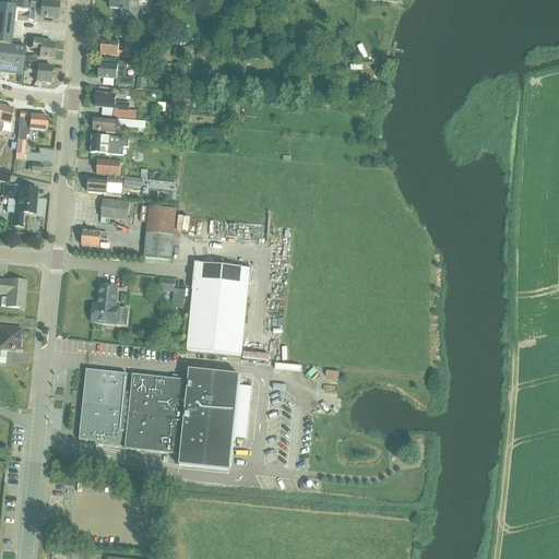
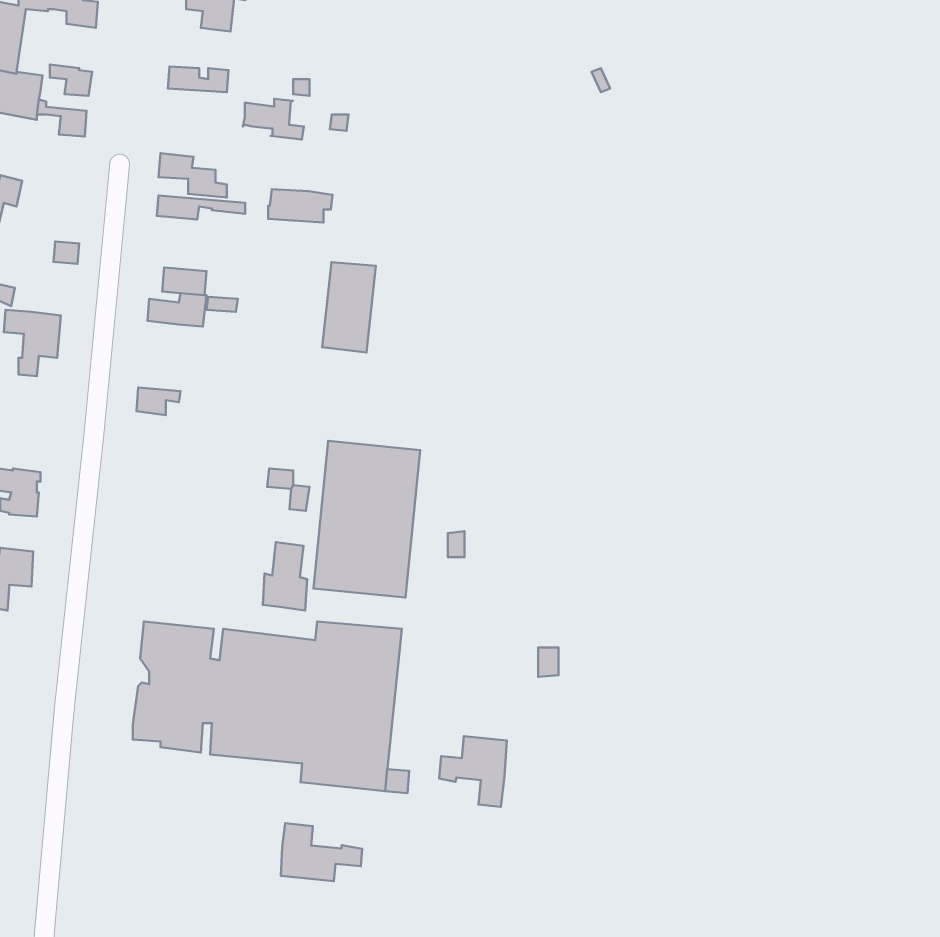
building: [97,60,133,84] -> [243,99,304,140]
building: [15,110,46,152] -> none
building: [90,133,128,153] -> [268,189,333,223]
building: [100,198,129,218] -> none
building: [144,205,176,259] -> [322,262,376,353]
building: [91,283,117,323] -> [263,542,307,610]
building: none -> [439,736,507,807]
building: none -> [281,823,362,881]

